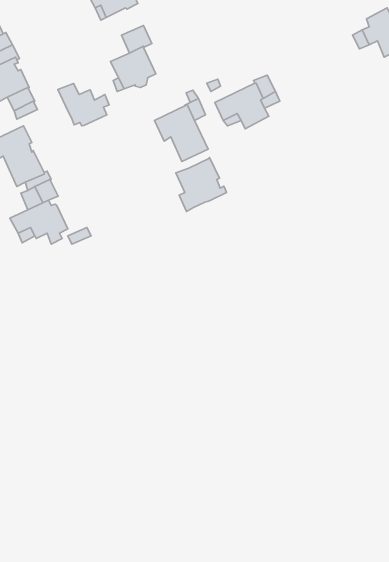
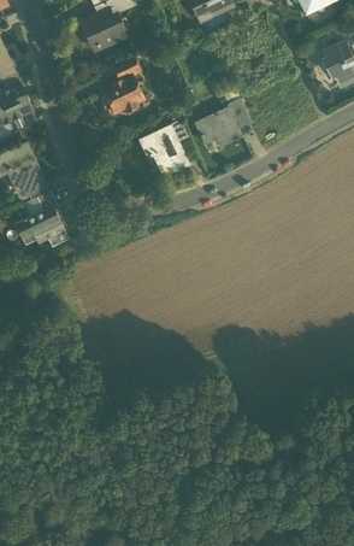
building: [58,83,109,126] -> none
building: [176,157,227,212] -> none

